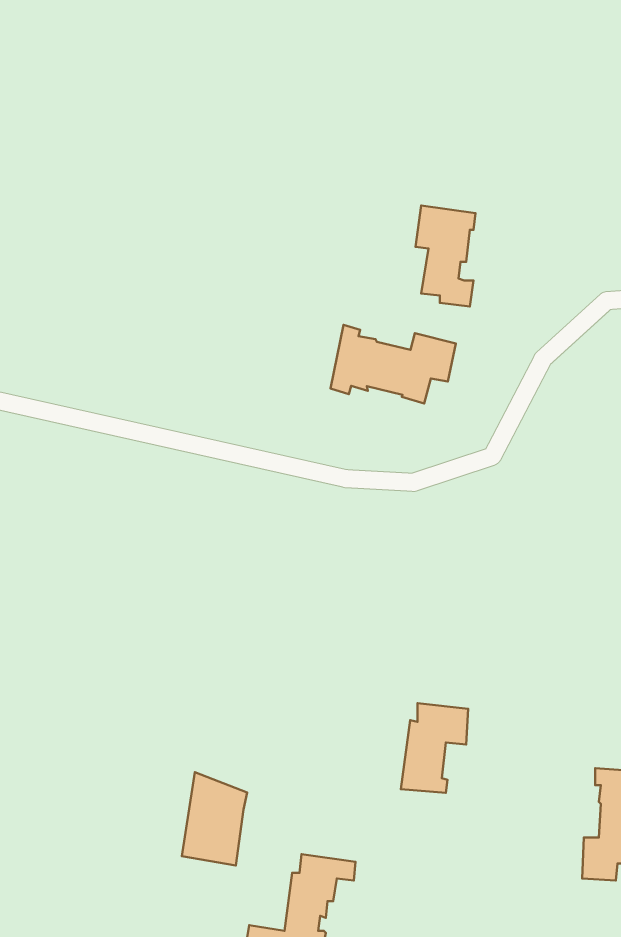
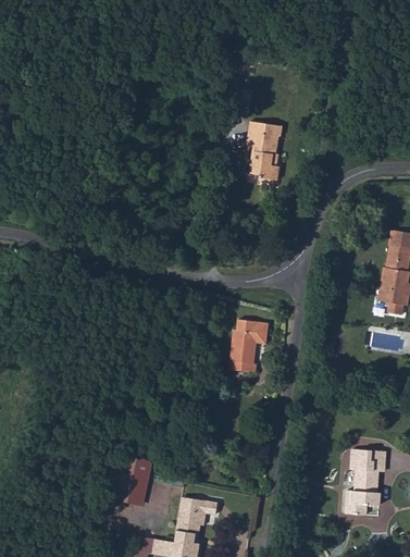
building: [331,325,456,404] -> none
building: [401,703,468,793] -> [227,319,266,371]

